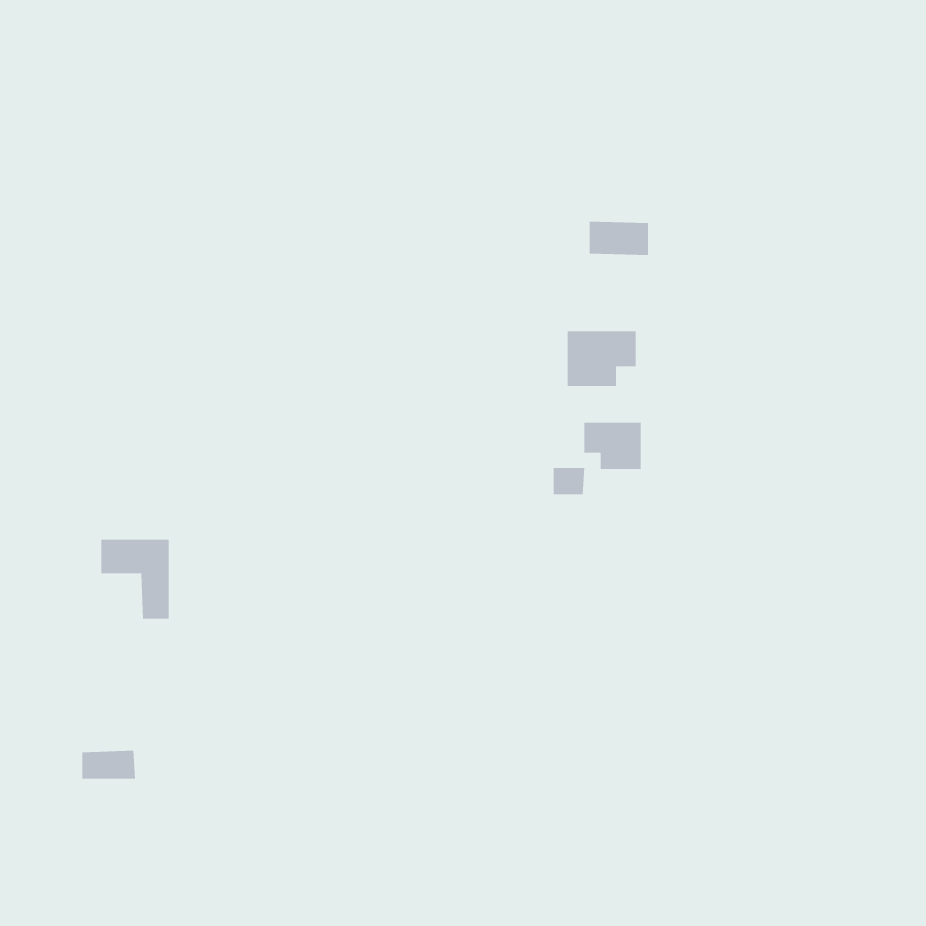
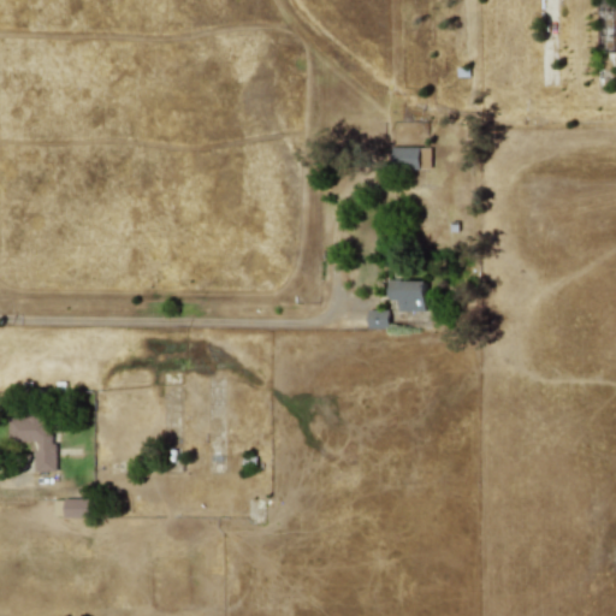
building: [567,330,636,387] -> none
building: [101,539,169,619] -> [8,419,54,472]

